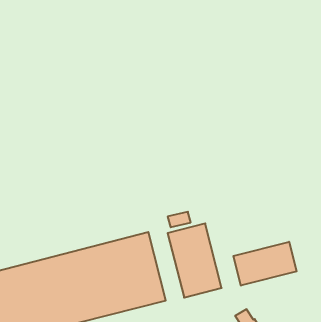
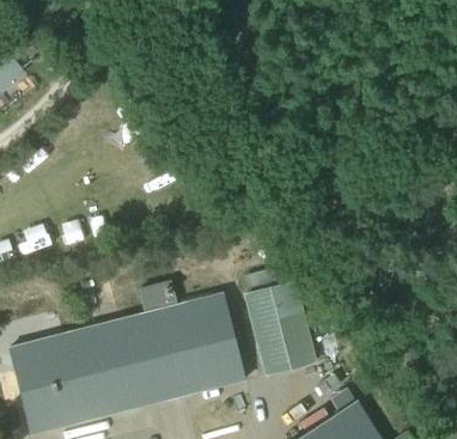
building: [233,242,297,286] -> none

